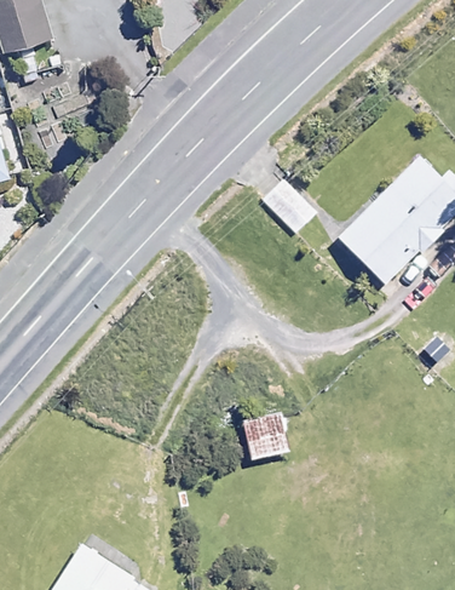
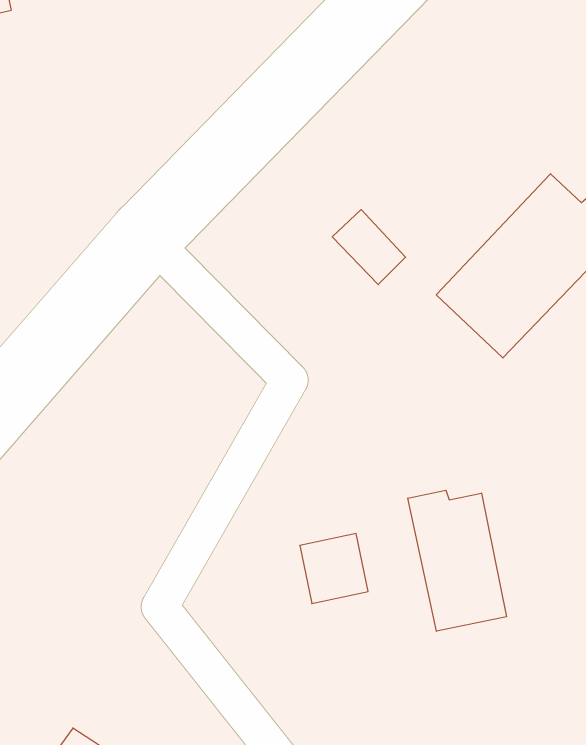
building: none -> [408,490,507,631]

